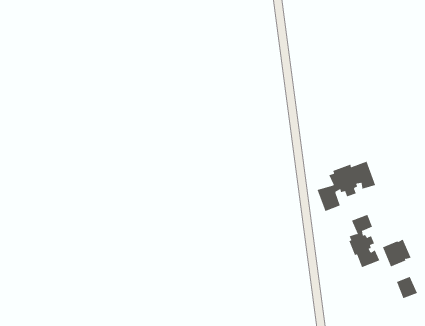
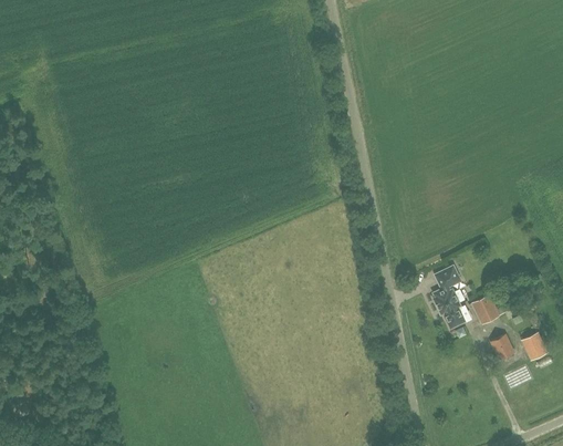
building: [317,161,376,212] -> none

